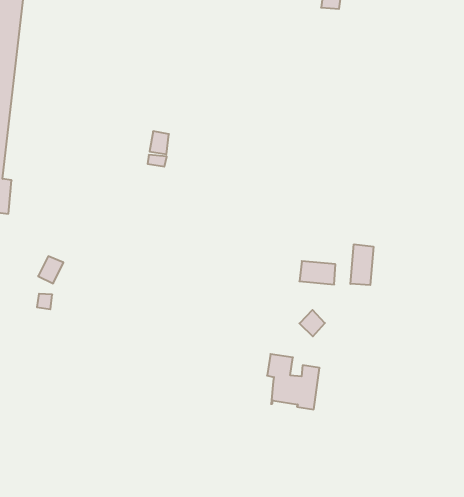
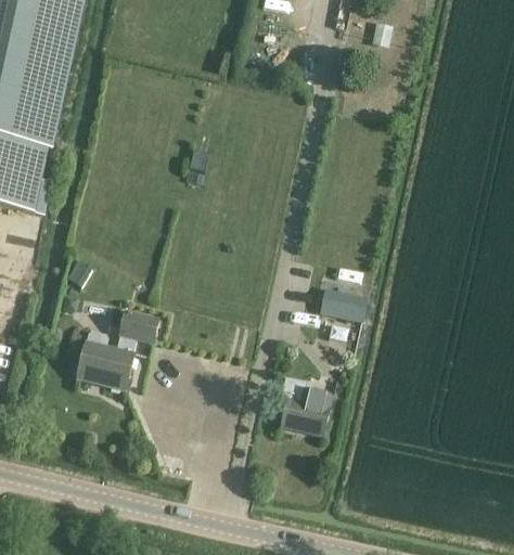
building: [350,244,373,285] -> none
building: none -> [78,311,159,389]

